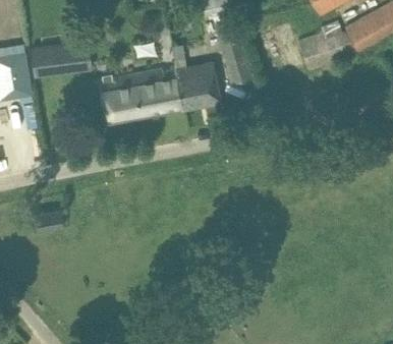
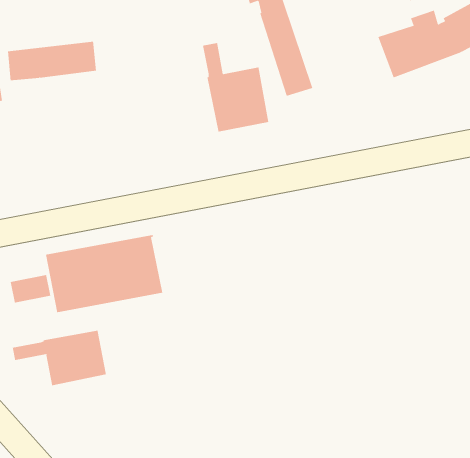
building: [98,67,182,123] -> [45,235,163,313]
building: none -> [12,330,107,386]

